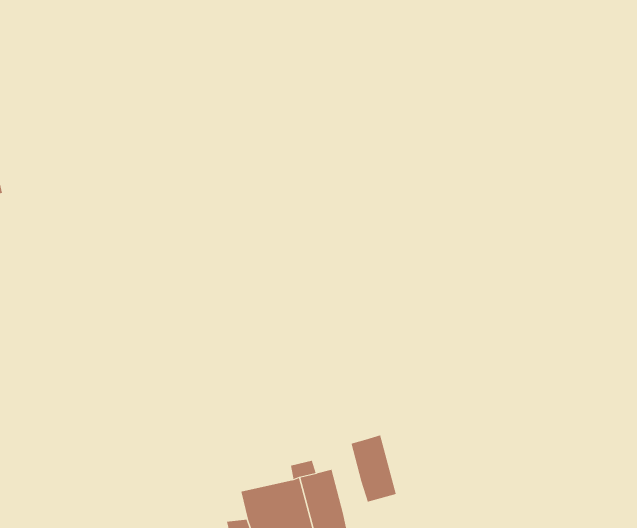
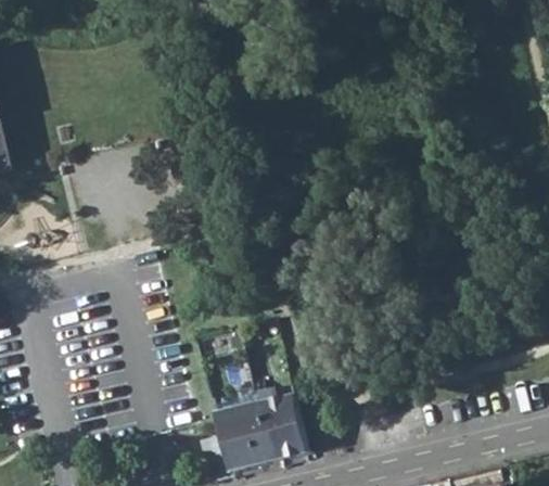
building: [351,435,396,502] -> none

